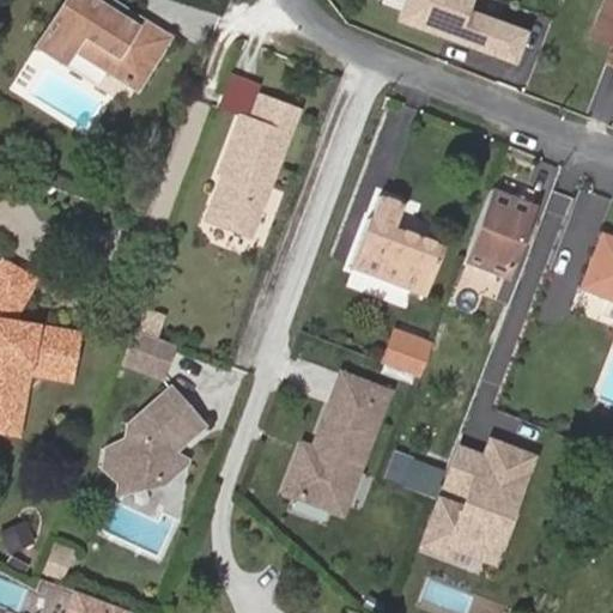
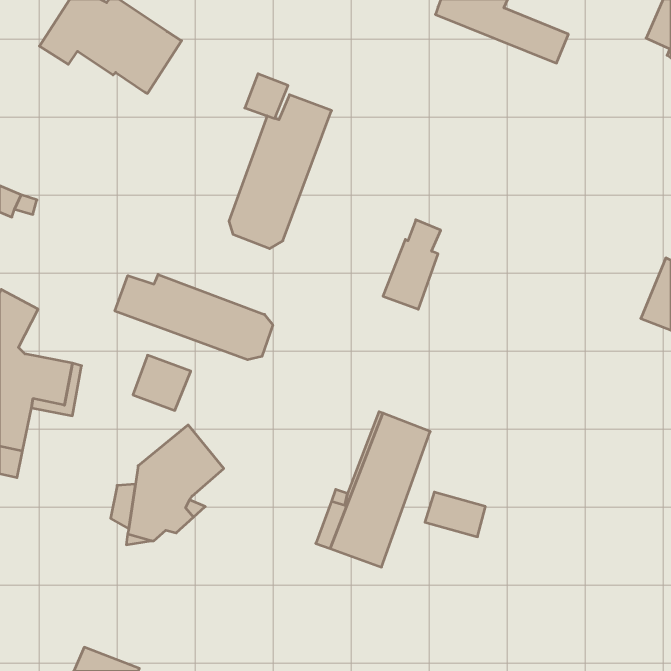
building: [467,188,536,275] -> none
building: [381,231,443,298] -> none
building: none -> [115,274,273,360]
building: [382,335,433,378] -> none
building: [423,425,545,568] -> none

